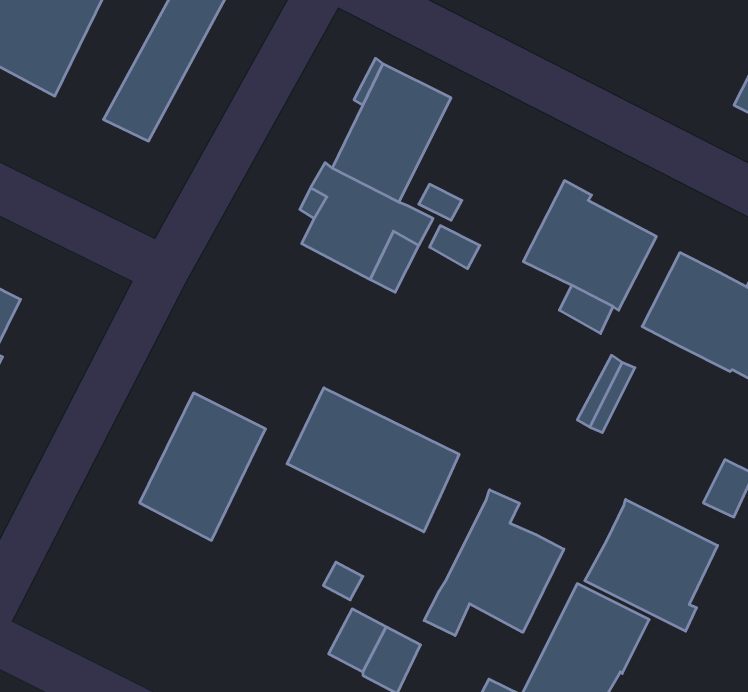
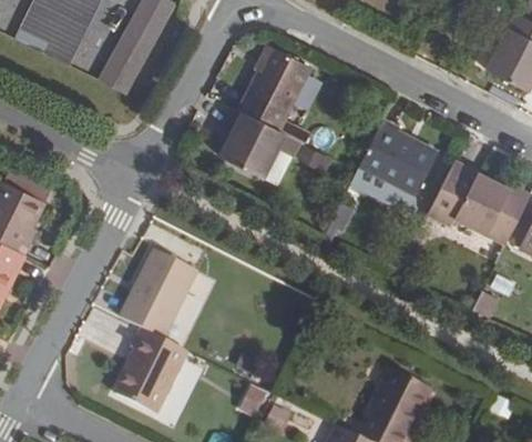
building: [287,388,459,532] -> none
building: [424,490,564,636] -> none
building: [585,499,718,631] -> none
building: none -> [113,328,188,413]

